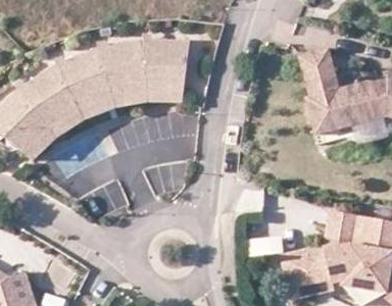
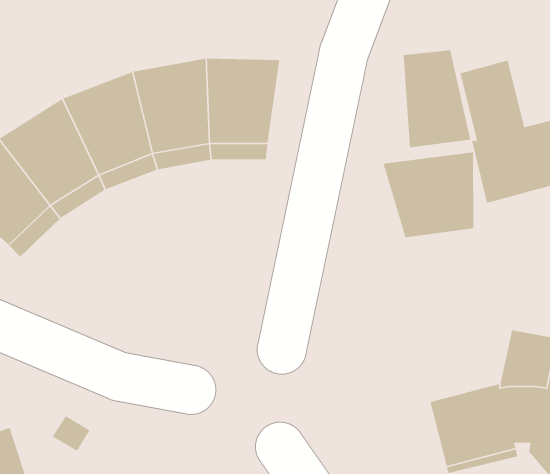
building: none -> [403,50,471,148]
building: none -> [383,151,474,238]

